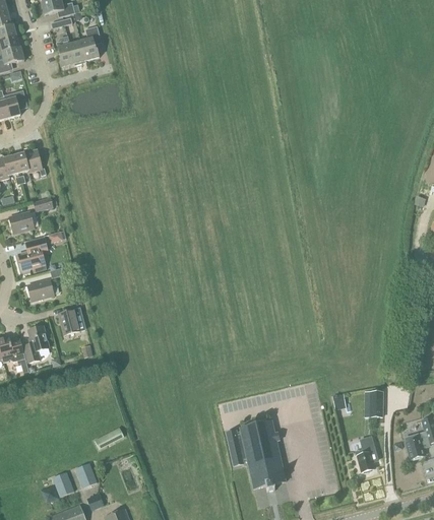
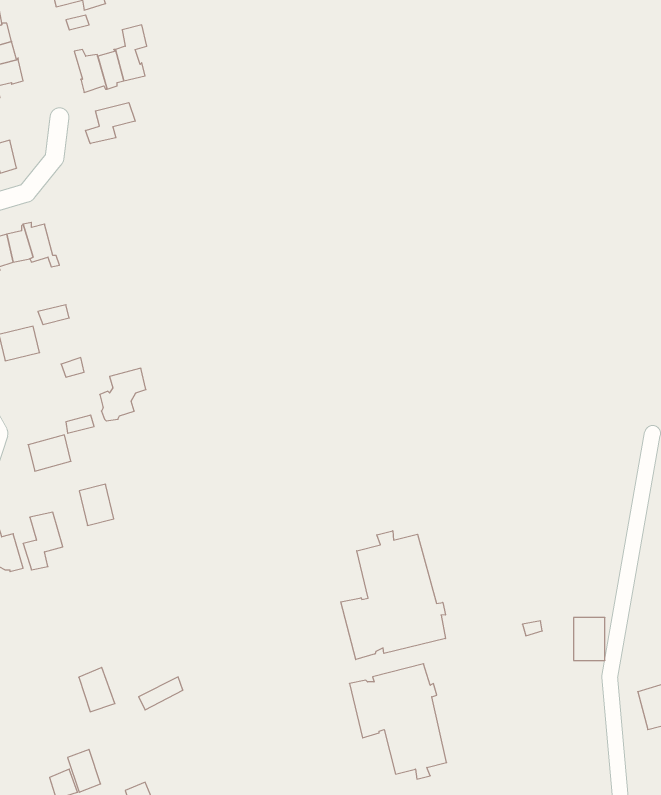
building: none -> [86,103,135,144]
building: [19,238,48,270] -> [100,368,146,421]
building: none -> [341,531,445,660]
building: [354,436,378,474] -> none
building: [73,463,96,491] -> [79,667,115,712]

